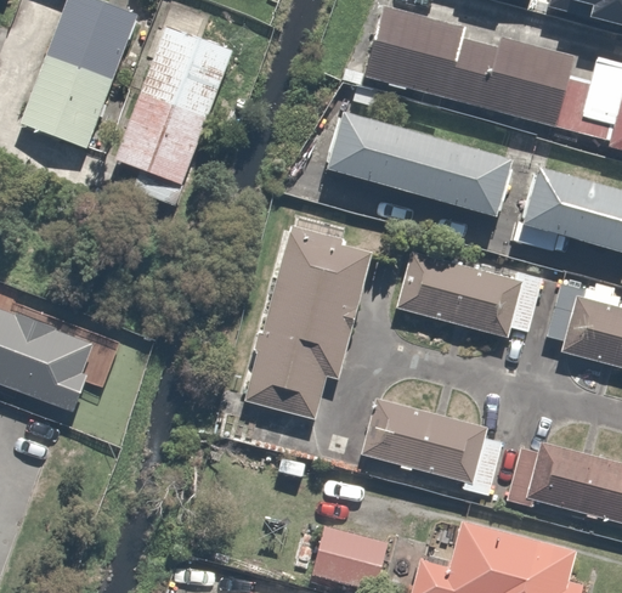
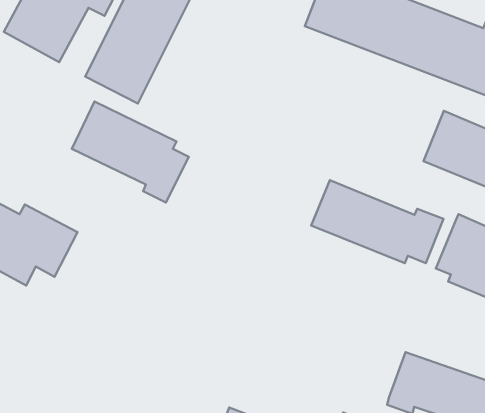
building: [328,111,522,216] -> none
building: none -> [72,102,189,203]
building: [242,235,371,425] -> none
building: [361,401,505,503] -> none

